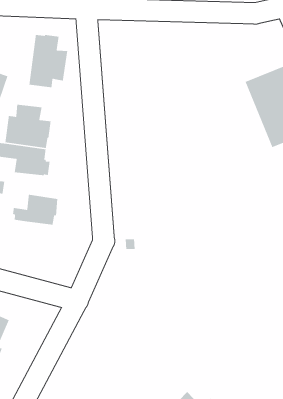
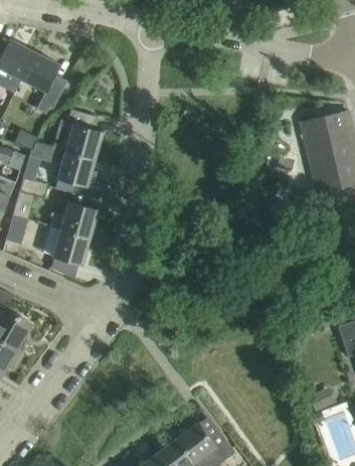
building: [28,34,68,88] -> none
building: none -> [53,228,88,265]

